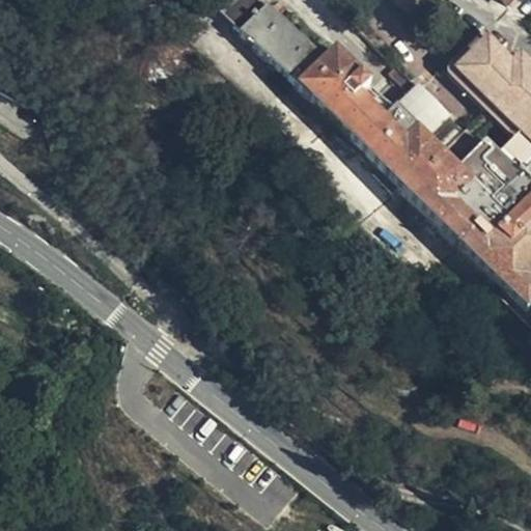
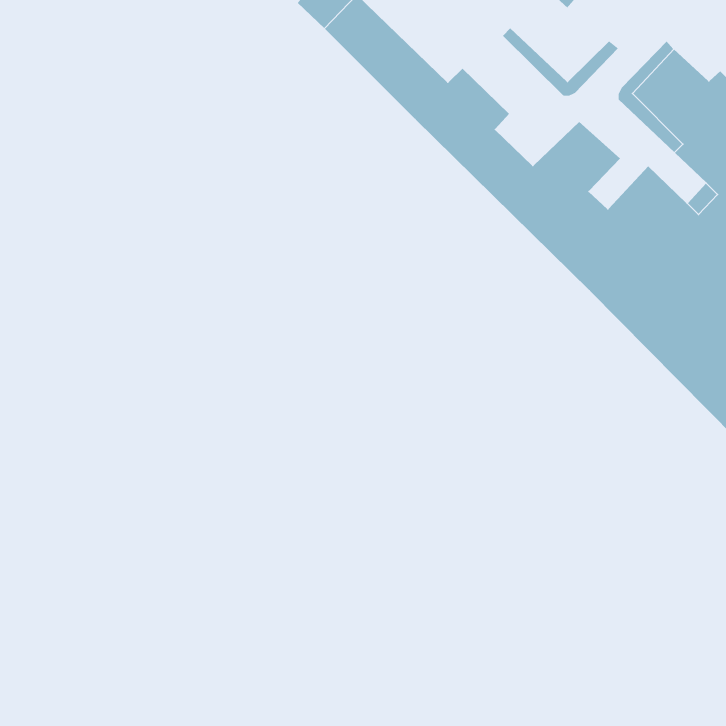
building: none -> [502,27,619,97]

